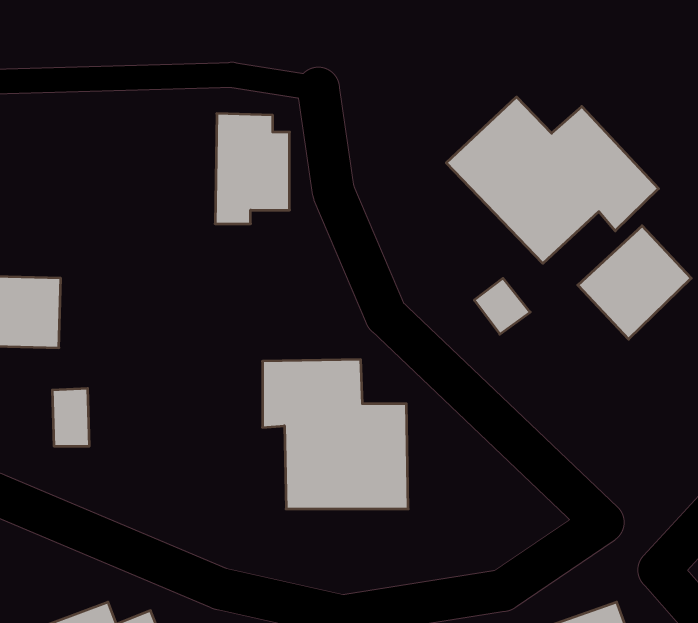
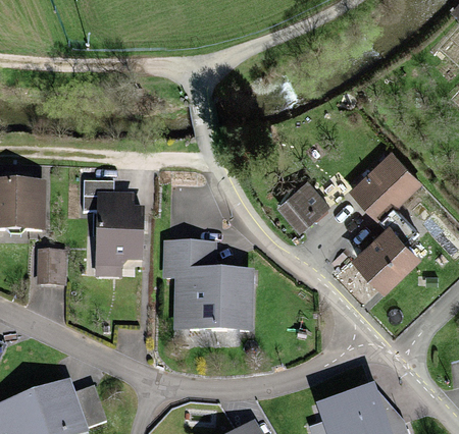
building: [446,97,659,263] -> none
building: [215,114,290,224] -> [95,200,140,266]
building: none -> [350,223,418,290]

